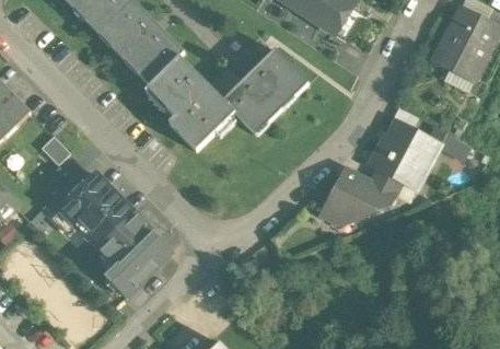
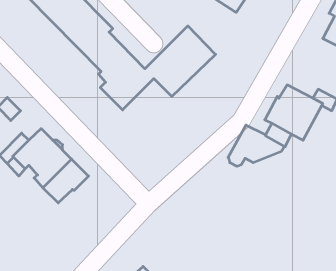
building: [105,232,173,298] -> none

